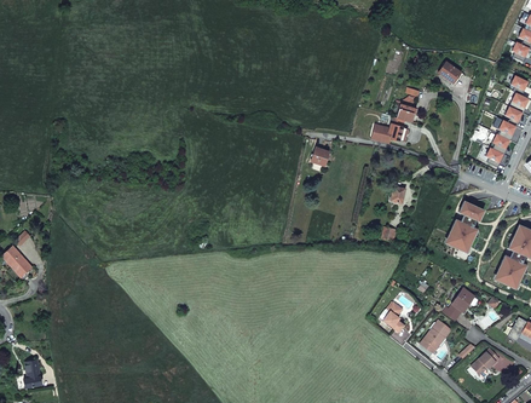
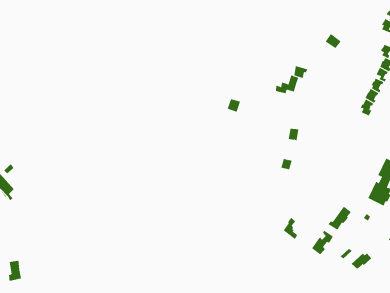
building: [444,201,483,253] -> none

